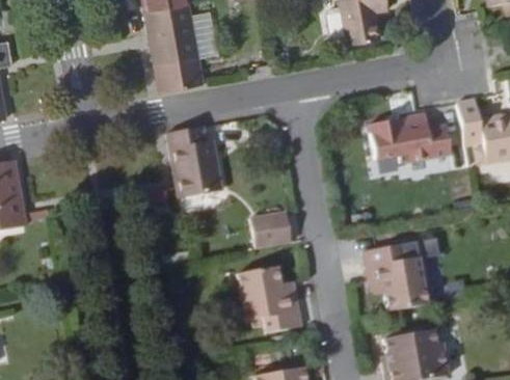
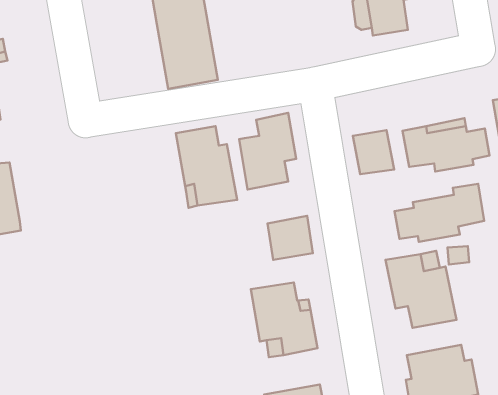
building: none -> [239,113,296,190]
building: none -> [353,130,394,174]
building: none -> [394,184,484,242]

